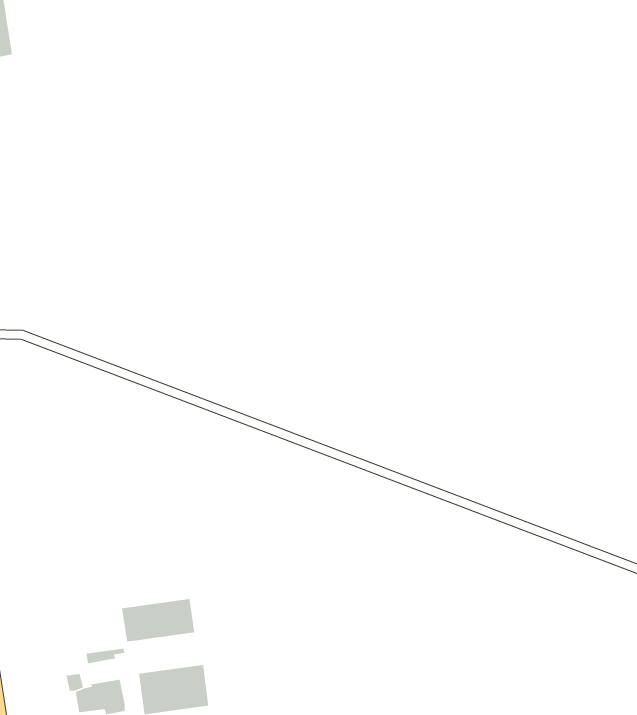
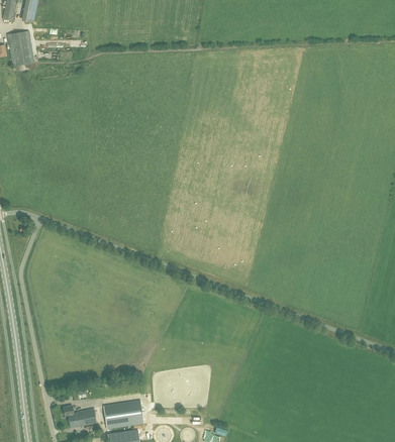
building: [121,598,195,642] -> none

